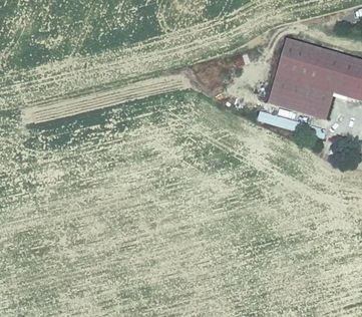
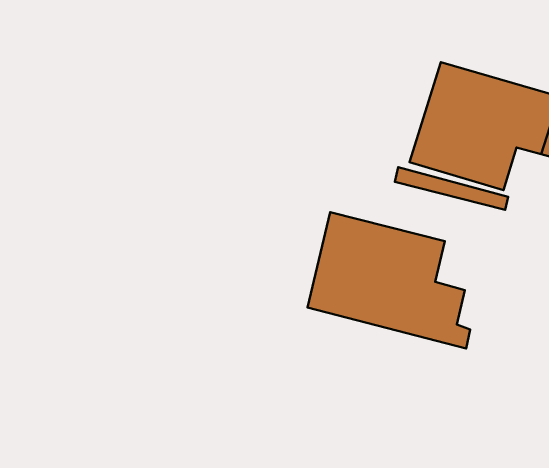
building: none -> [307,212,470,349]

